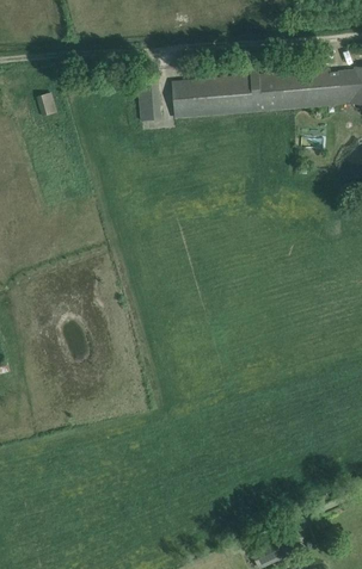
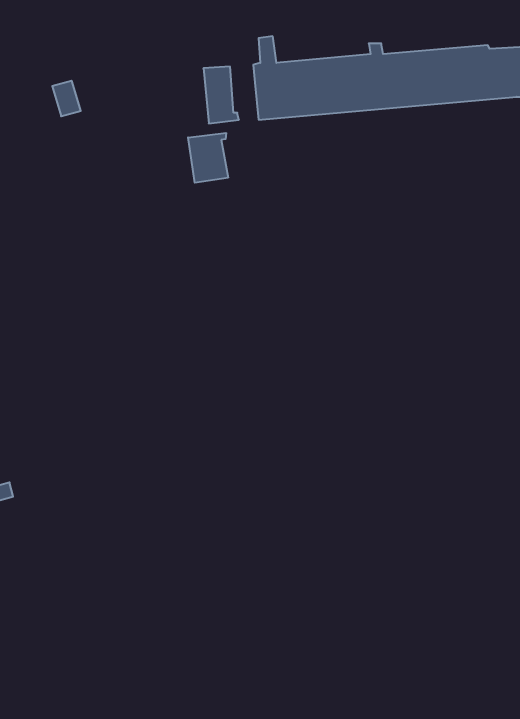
building: none -> [188,133,228,183]

